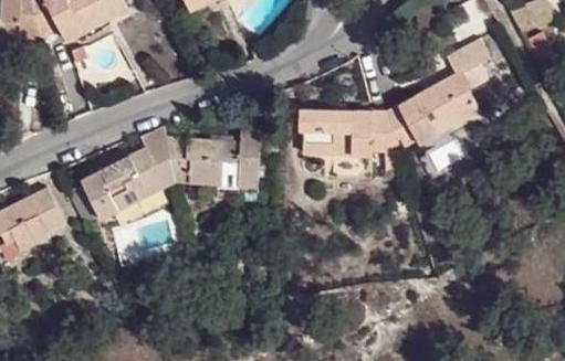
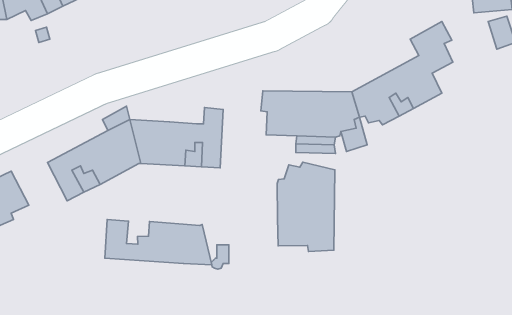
building: none -> [277,162,335,251]
building: none -> [105,220,212,265]

